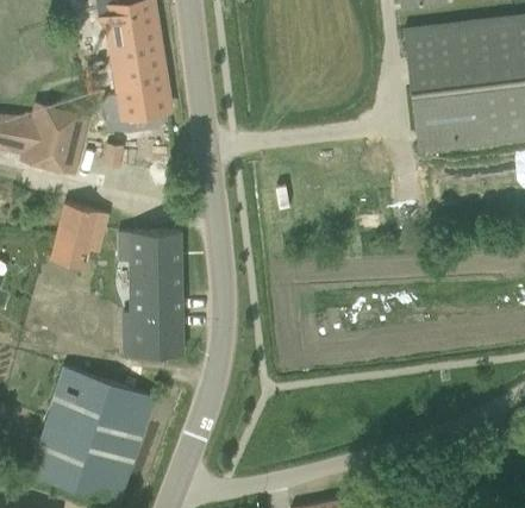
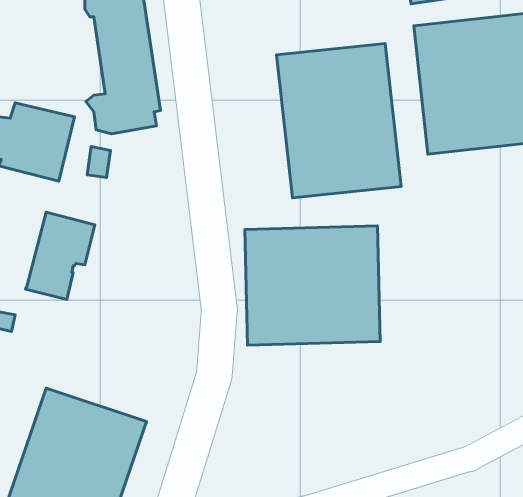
building: none -> [277,44,401,198]
building: none -> [245,226,380,345]
building: [118,231,182,355] -> none

